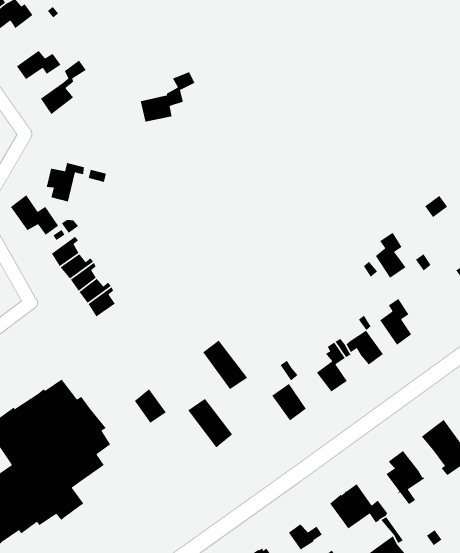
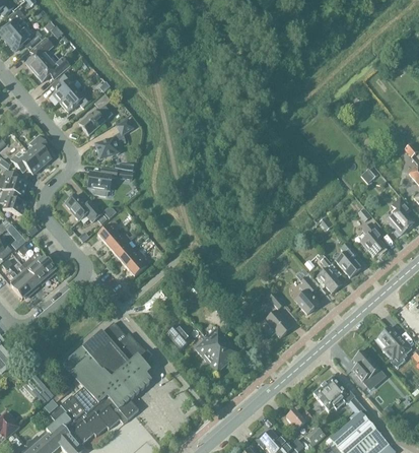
building: none -> [53,71,81,103]
building: [140,71,196,123] -> [94,119,133,158]
building: [375,232,406,279] -> [361,222,385,256]
building: [202,339,248,390] -> [194,336,228,372]

